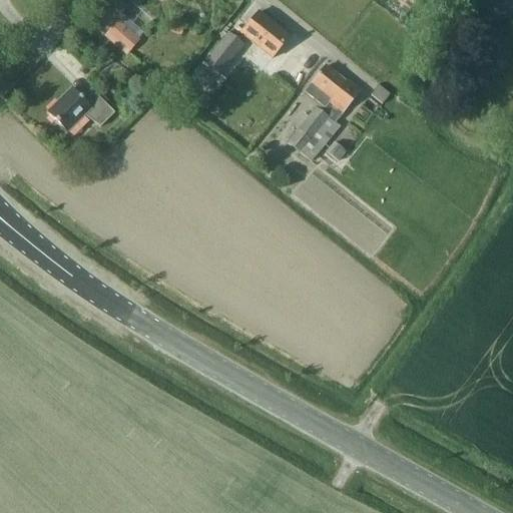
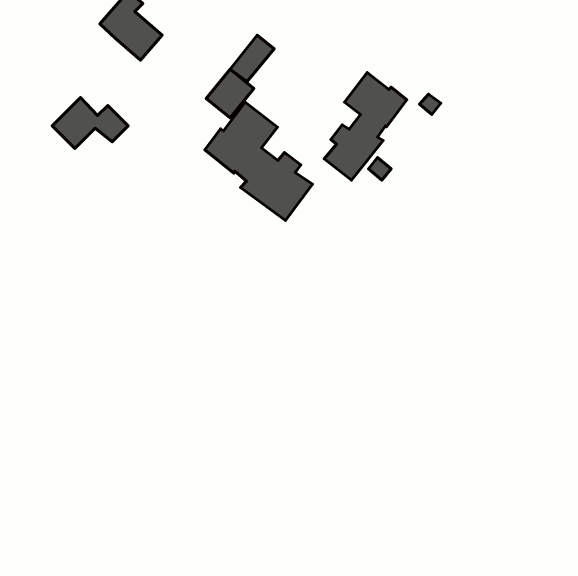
building: [240,10,290,56] -> none
building: none -> [205,102,313,220]

